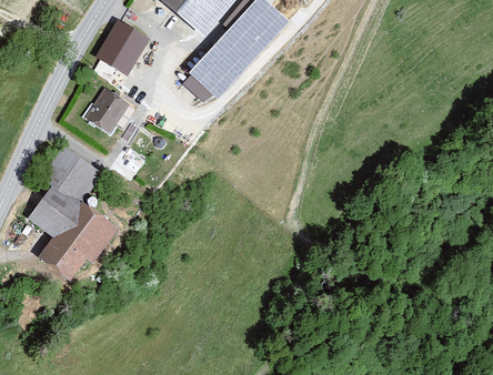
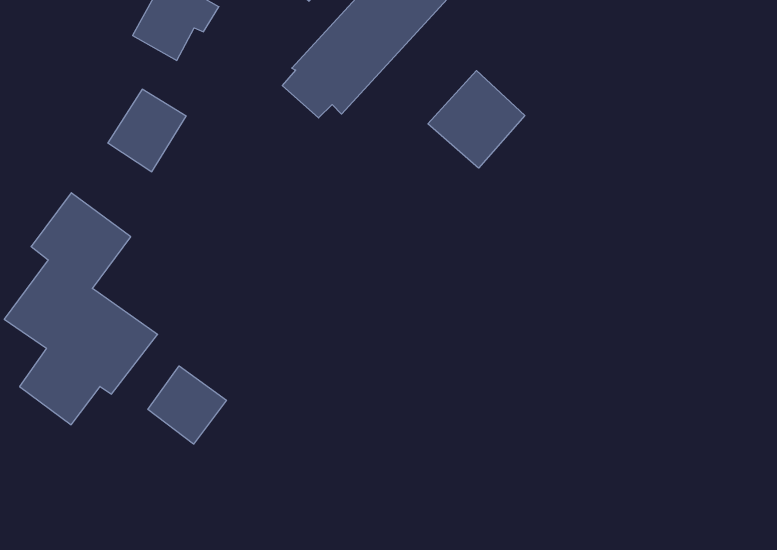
building: none -> [428,71,525,168]
building: none -> [148,366,226,444]

